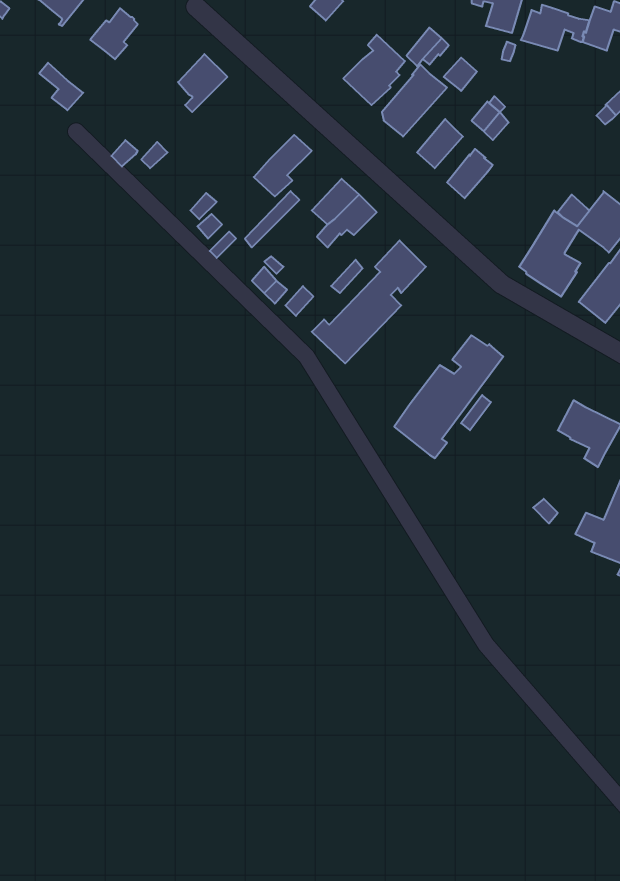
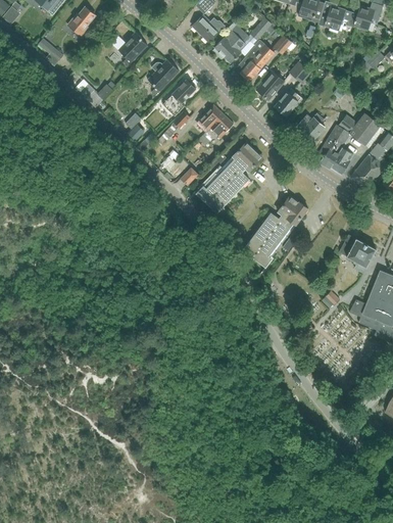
building: none -> [193,15,225,41]
building: none -> [147,59,179,95]
building: none -> [297,112,325,140]

